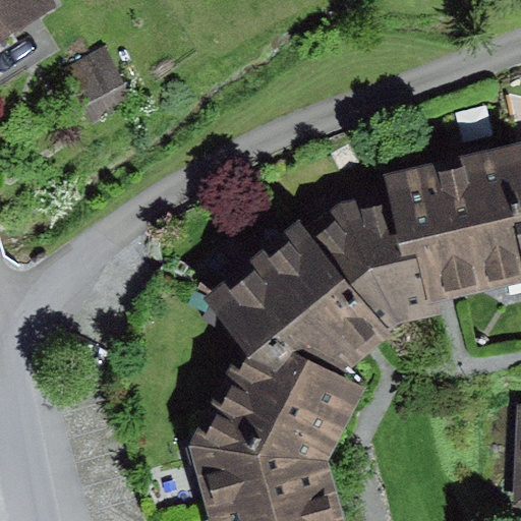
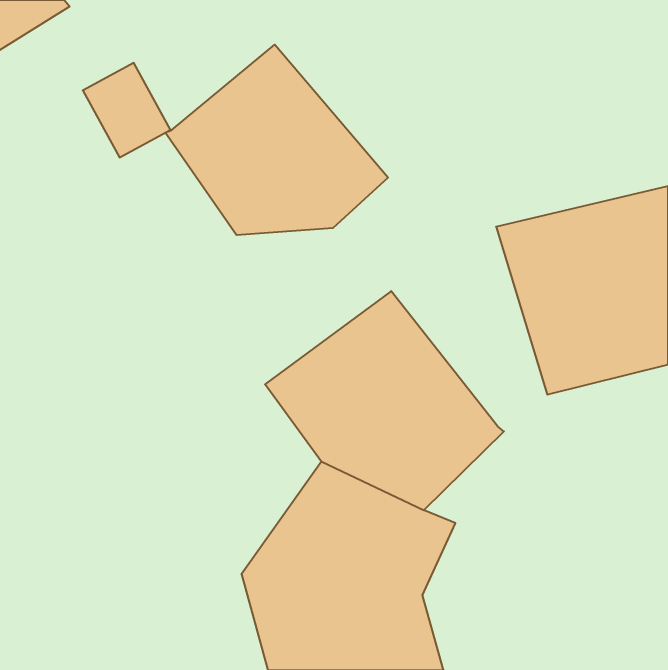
building: none -> [165,45,388,235]
building: [303,194,426,331] -> none

